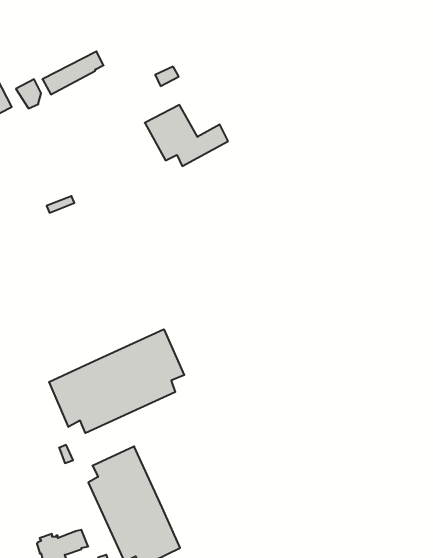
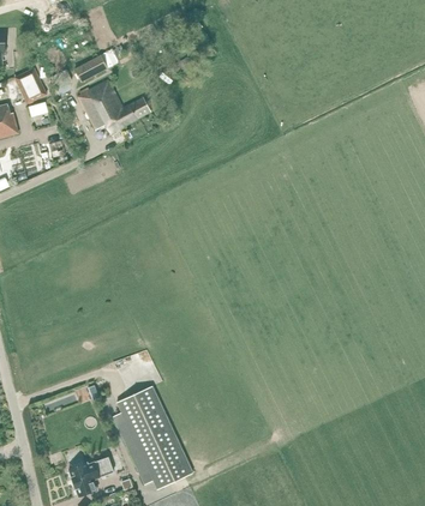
building: [145,105,228,166] -> [78,80,150,133]
building: [49,329,184,433] -> none

